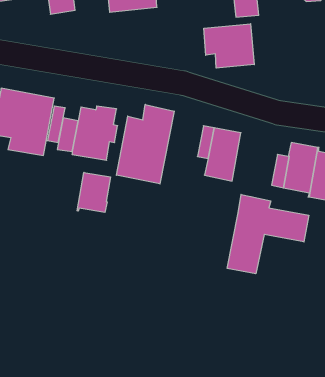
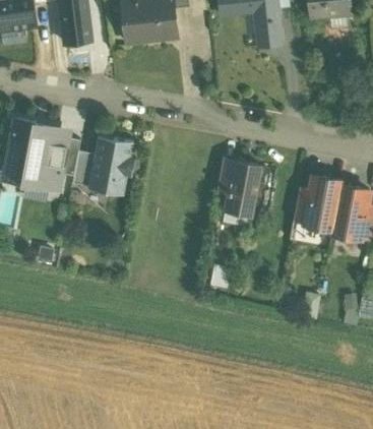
building: [204,24,254,68] -> none
building: [116,104,174,184] -> none
building: [77,172,110,212] -> none
building: [227,194,309,274] -> none

